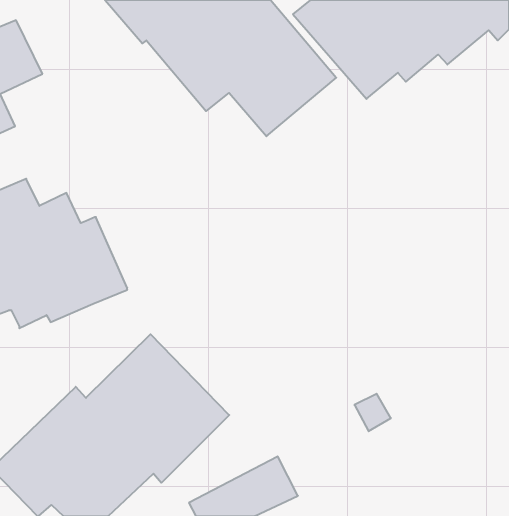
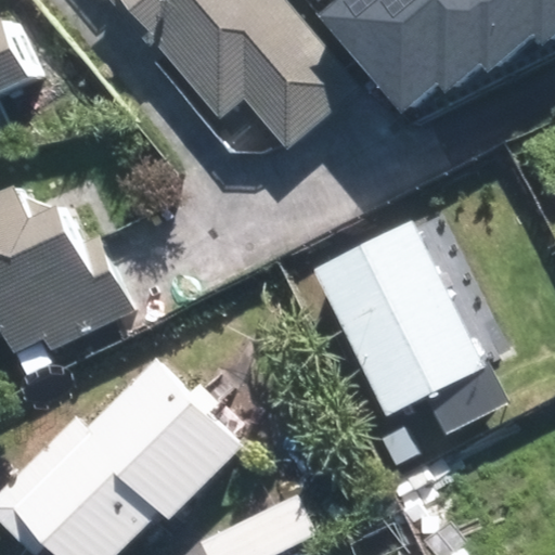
building: none -> [310,223,498,438]

